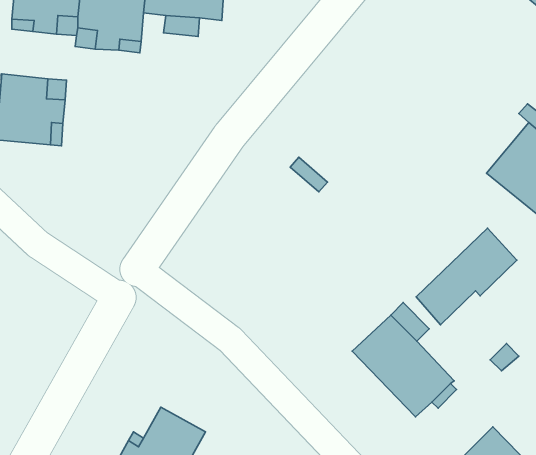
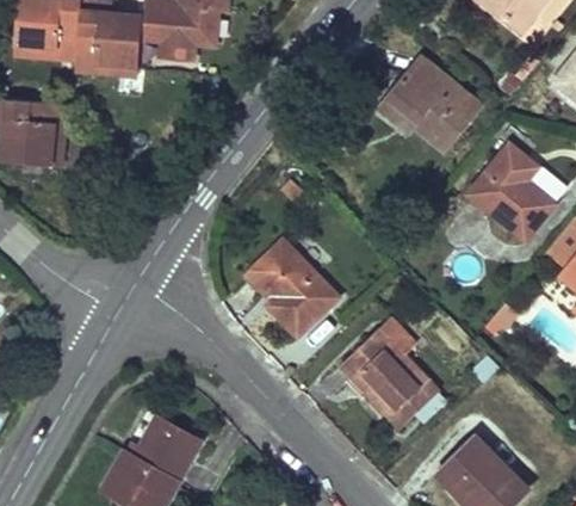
building: none -> [388,56,481,150]
building: none -> [241,239,339,337]
building: [416,228,517,325] -> none

